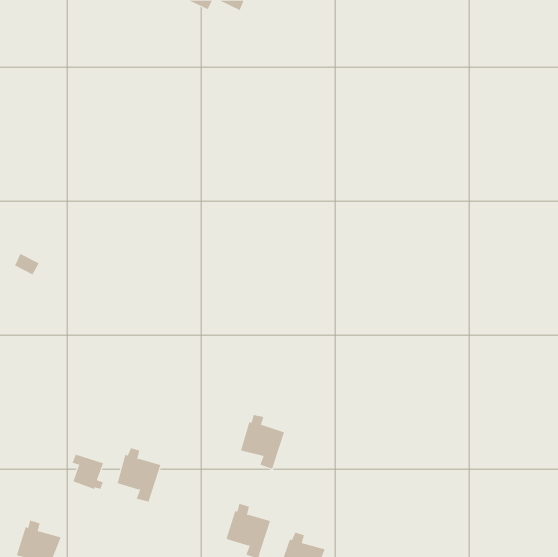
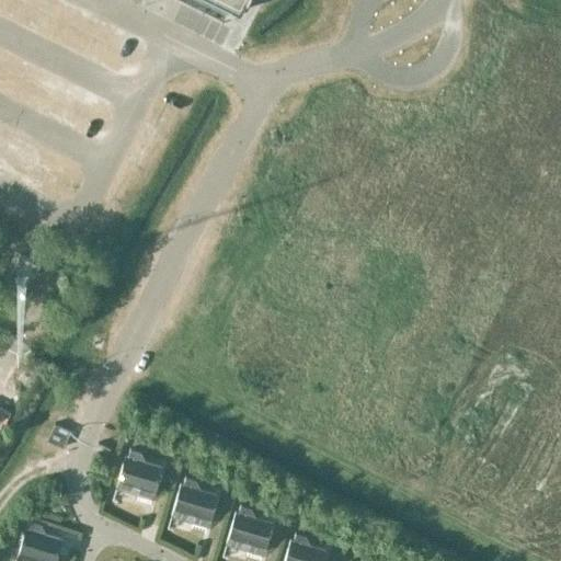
building: [240,415,285,469] -> [173,479,218,534]
building: [71,454,104,490] -> none

